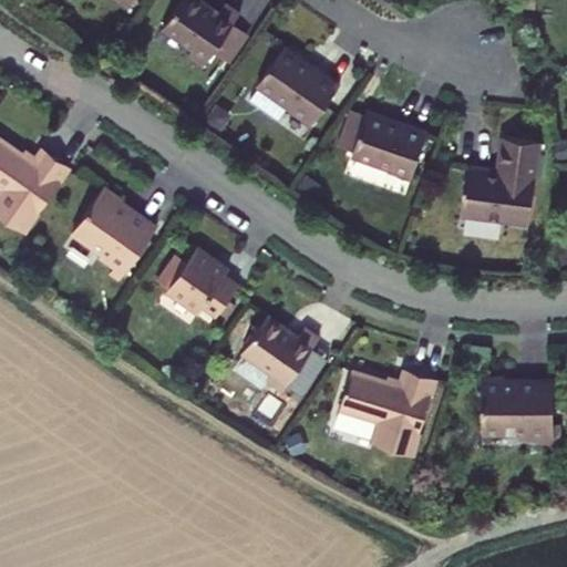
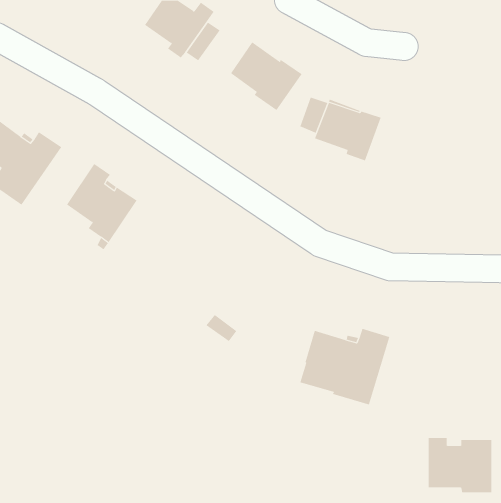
building: [458,140,539,227] -> none
building: [167,249,239,318] -> none
building: [244,319,320,391] -> none
building: [483,377,555,439] -> [428,438,492,493]

